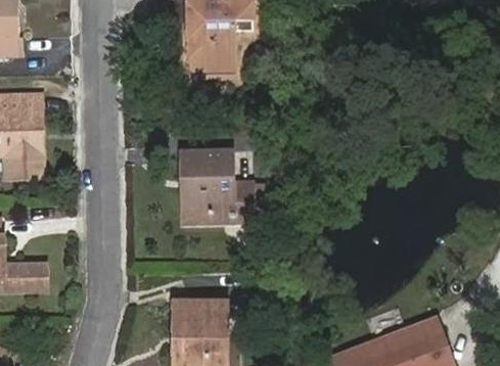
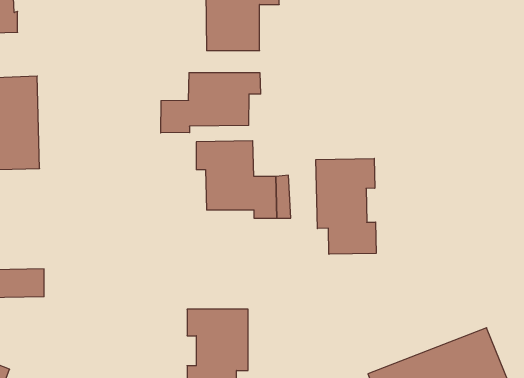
building: none -> [161,73,261,133]
building: none -> [316,158,376,254]

